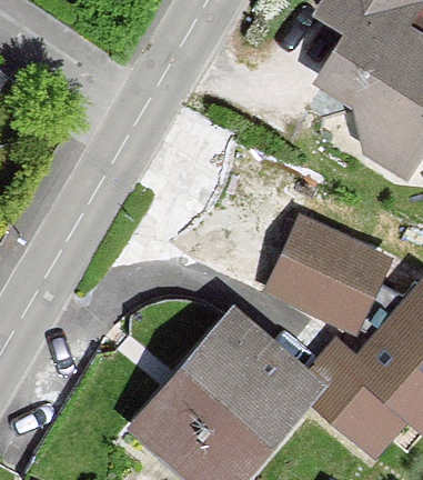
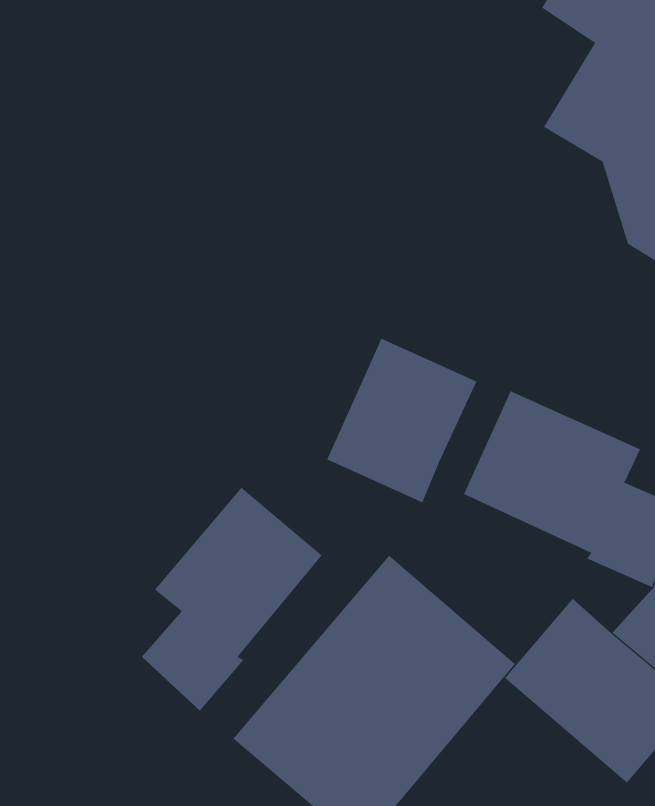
building: none -> [327,338,477,503]
building: none -> [141,487,323,712]

